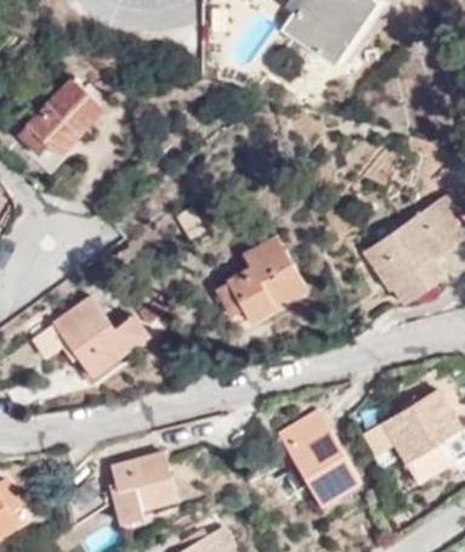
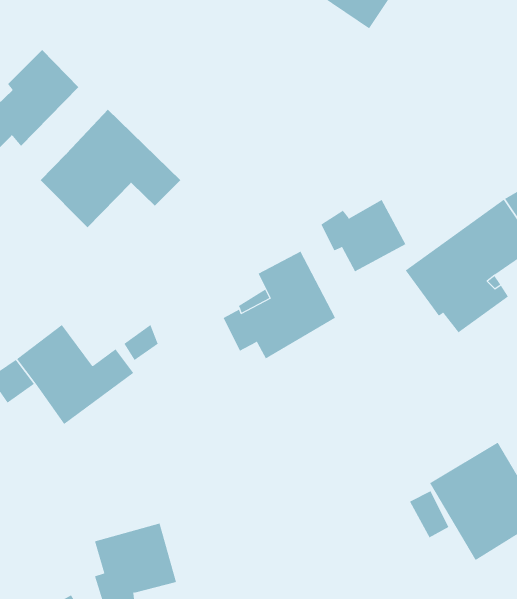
building: none -> [40,109,181,228]
building: none -> [320,199,406,272]
building: [280,413,362,506] -> none

